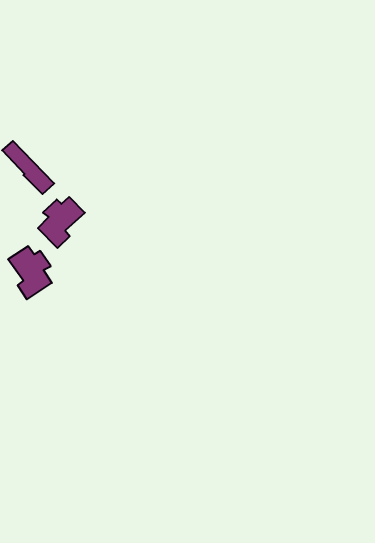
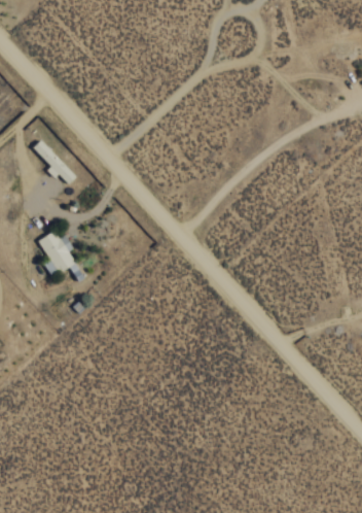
building: [38,197,85,248] -> none

